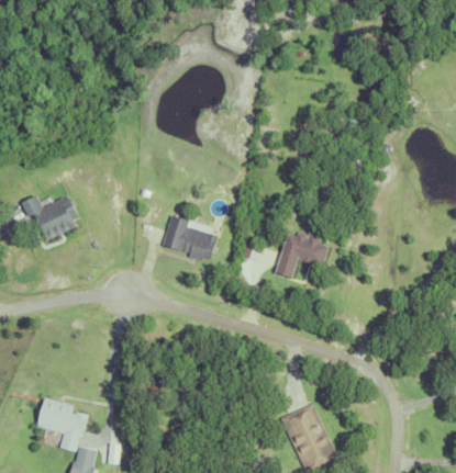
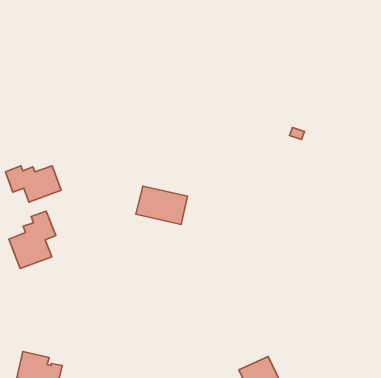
building: [275,233,327,278] -> none
building: none -> [9,211,56,269]

